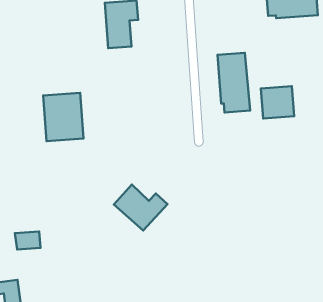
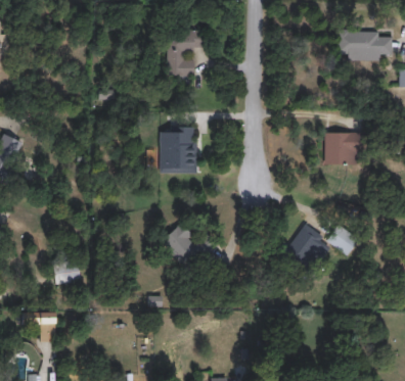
building: [217,53,250,112] -> none
building: [43,93,83,141] -> [160,126,198,174]
building: none -> [282,223,358,268]

